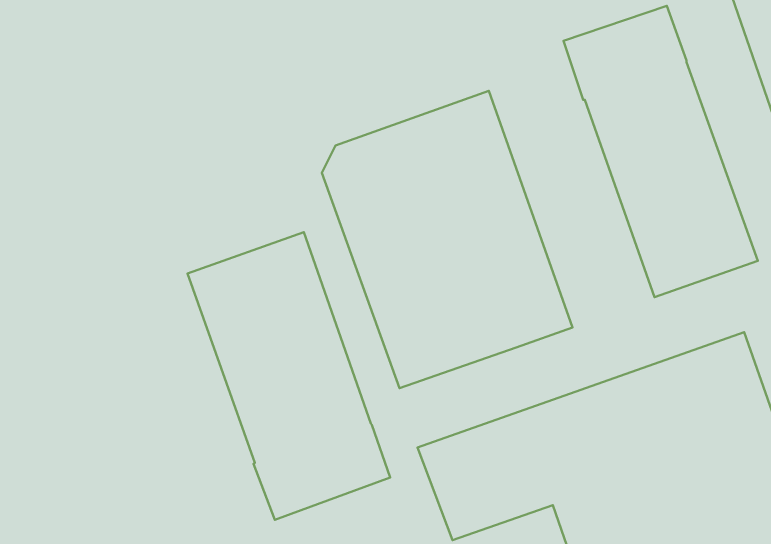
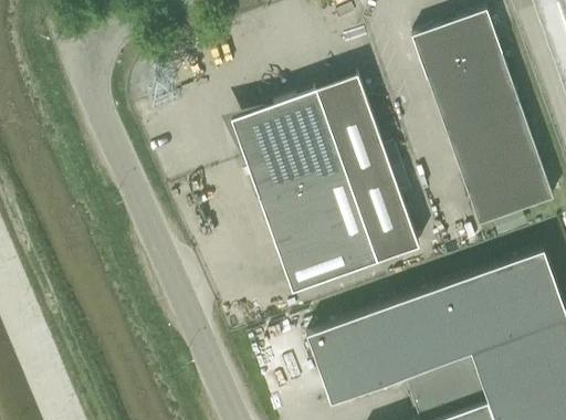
building: [188,232,390,520] -> none

